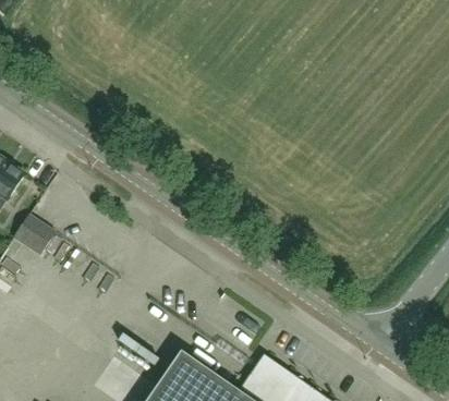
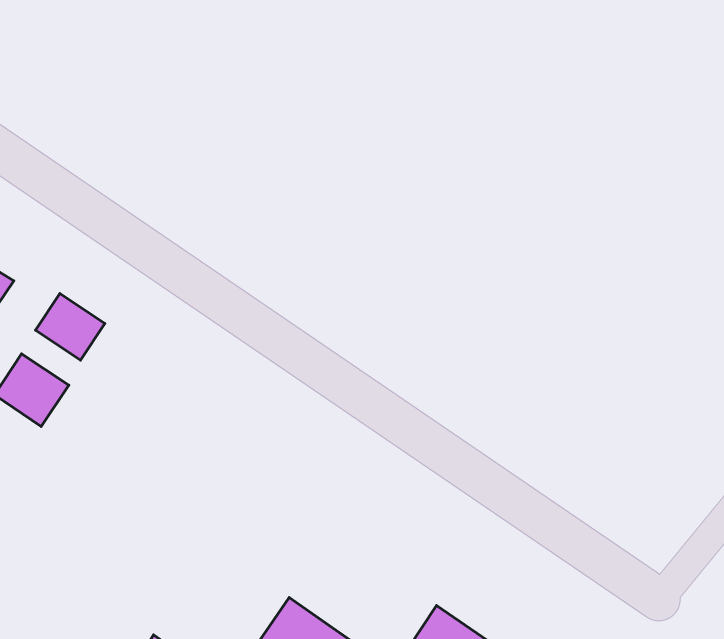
building: none -> [36,293,105,360]

